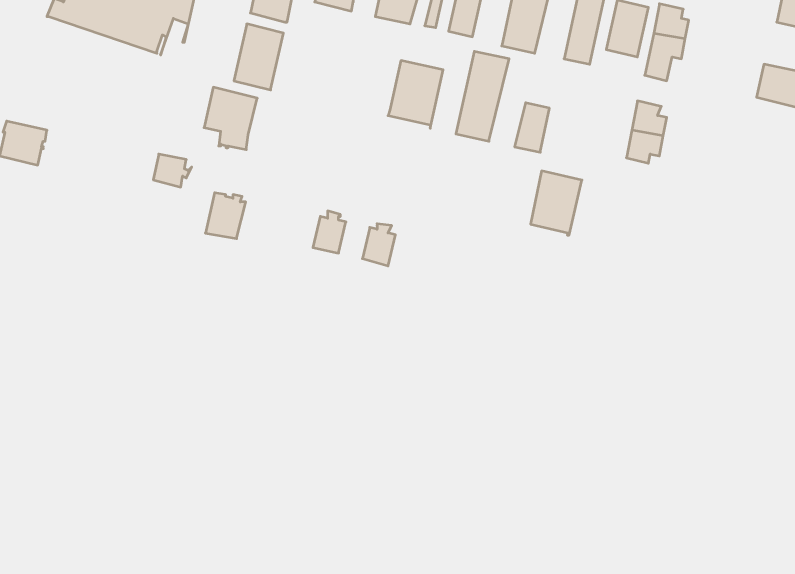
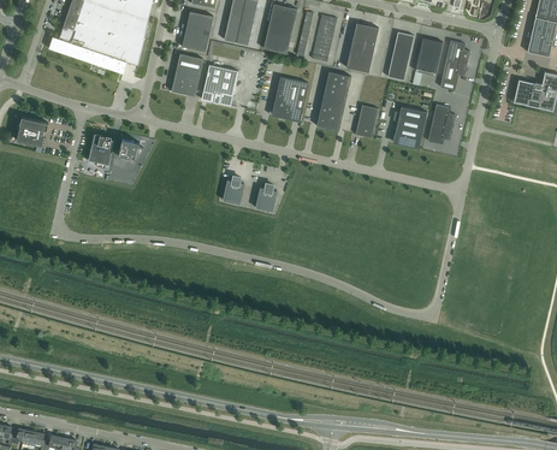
building: [204,87,257,150] -> [203,64,238,105]
building: [531,171,582,235] -> [393,106,427,148]
building: [205,193,246,239] -> [88,134,114,164]

